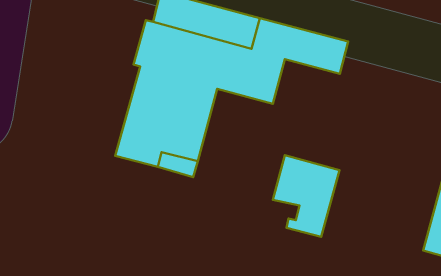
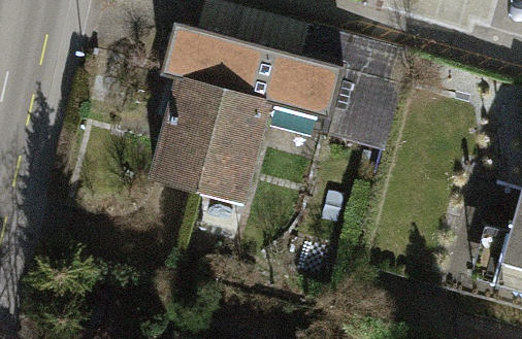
building: [273,155,340,237] -> [327,75,401,166]

